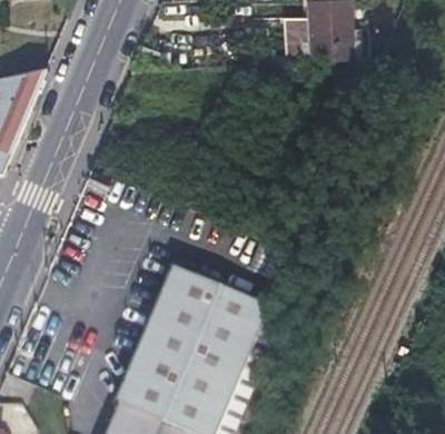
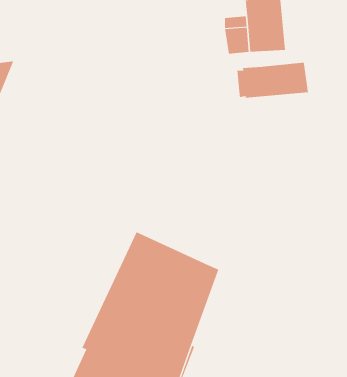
building: none -> [237,62,309,99]

